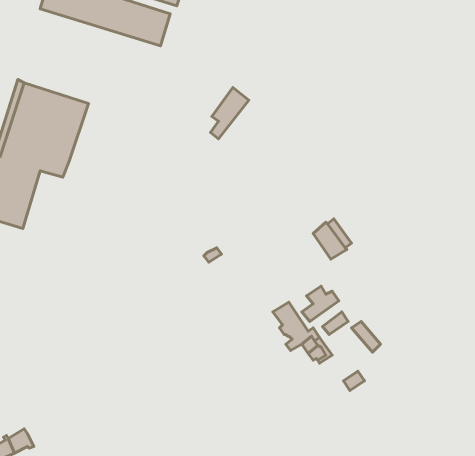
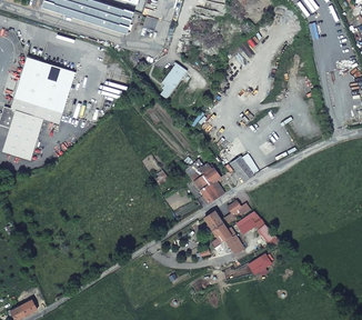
building: none -> [184,159,224,204]

